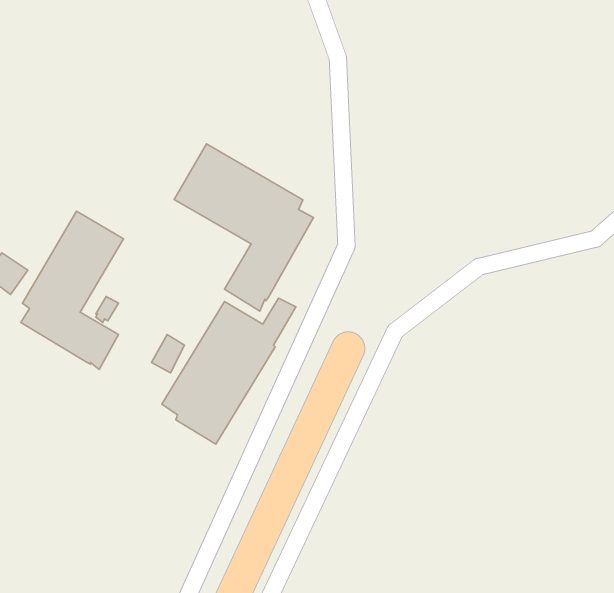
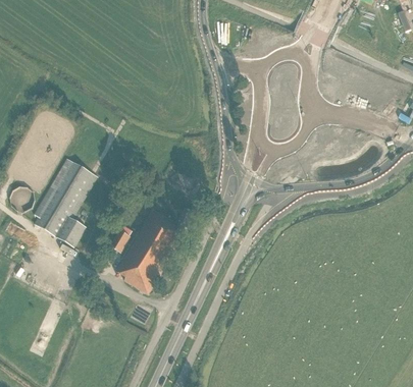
building: [174,144,314,311] -> none

